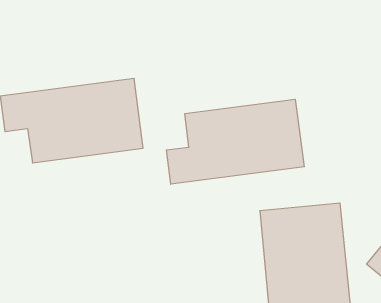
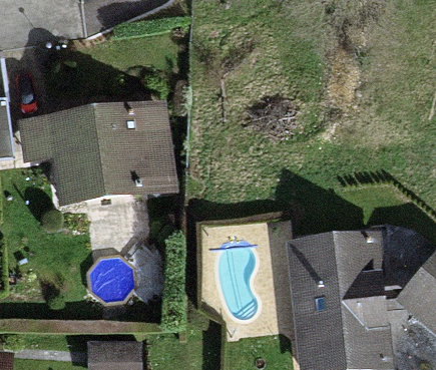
building: [166,99,304,184] -> none

